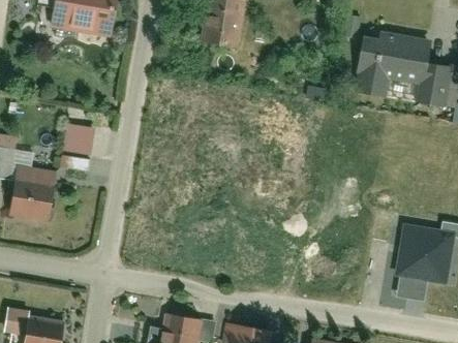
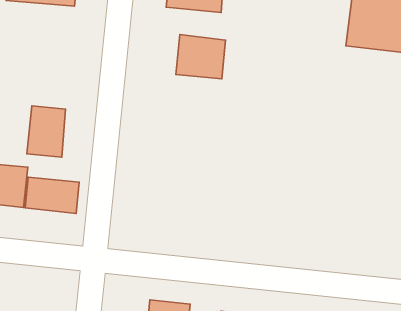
building: none -> [176,35,226,79]
building: none -> [25,177,79,214]

